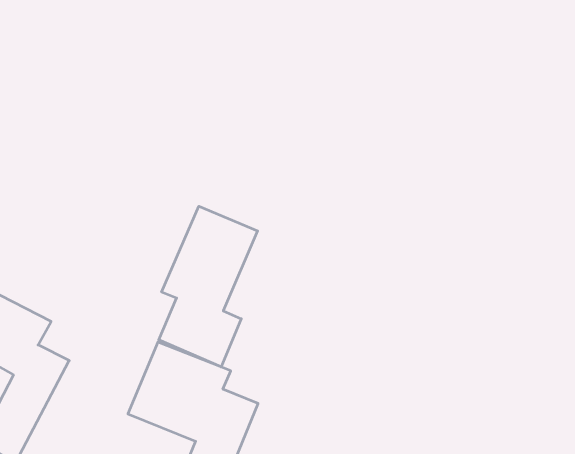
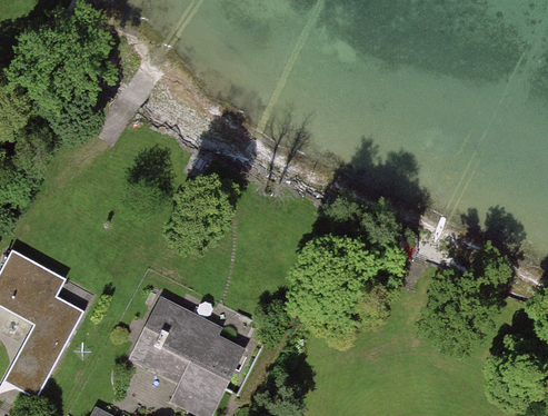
building: [159,206,258,367] -> none

